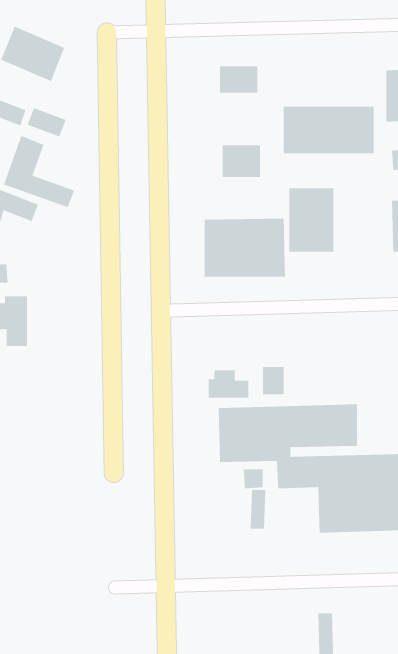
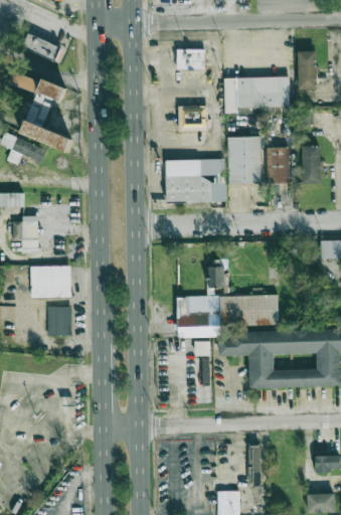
building: none -> [266,147,289,183]
building: none -> [30,266,71,298]
building: [208,369,249,398] -> none
building: none -> [47,307,71,334]

